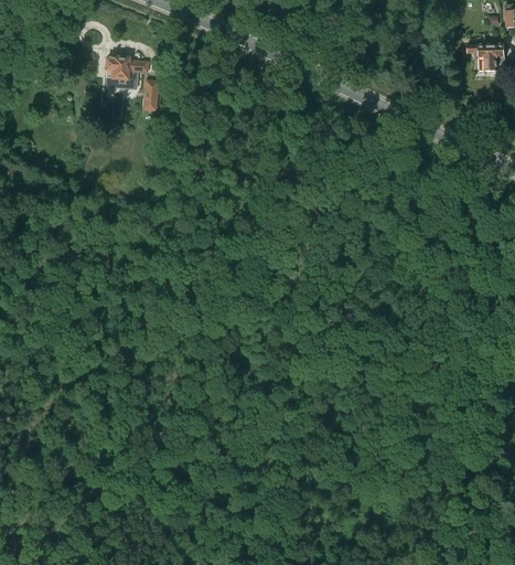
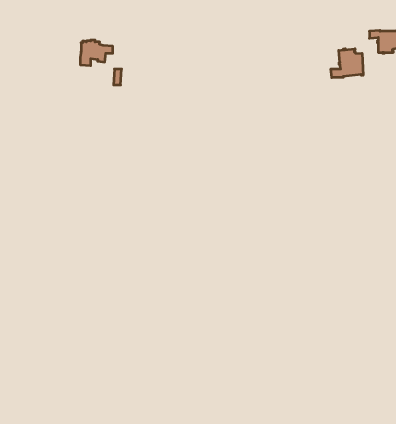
building: none -> [331,49,363,78]

